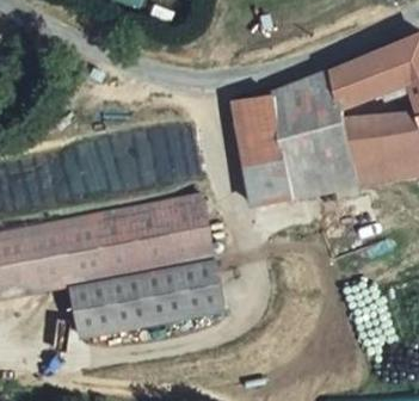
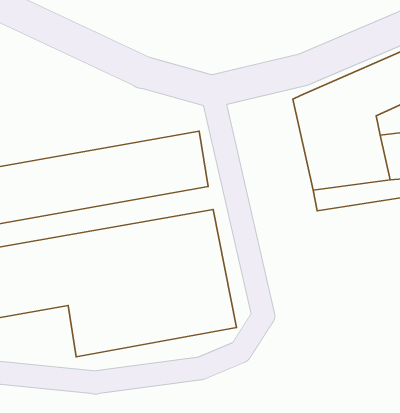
building: [246,93,298,200] -> none

